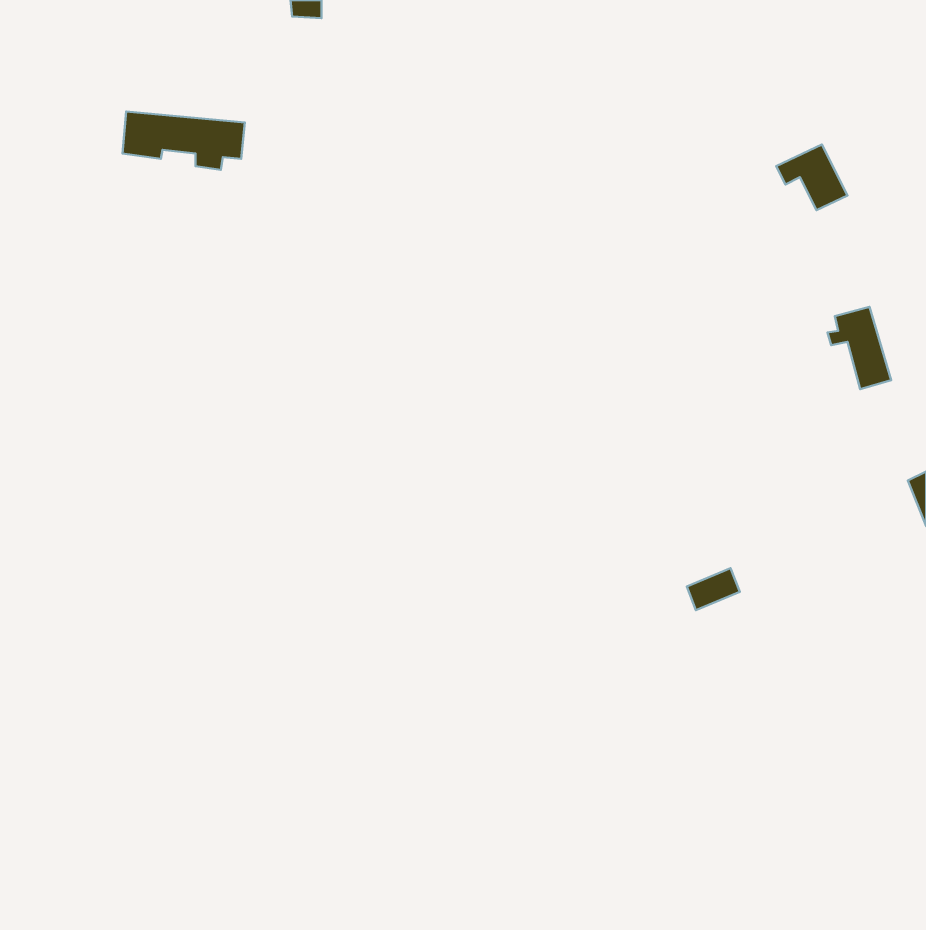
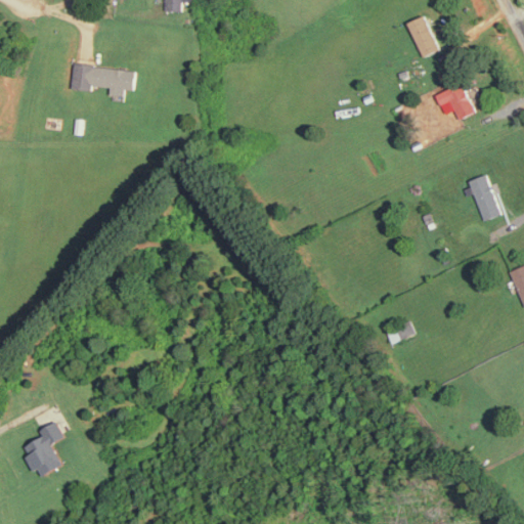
building: none -> [408,16,437,57]
building: none -> [23,421,64,476]

